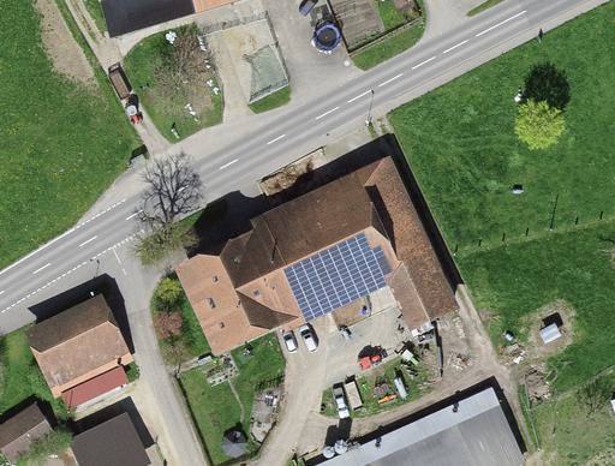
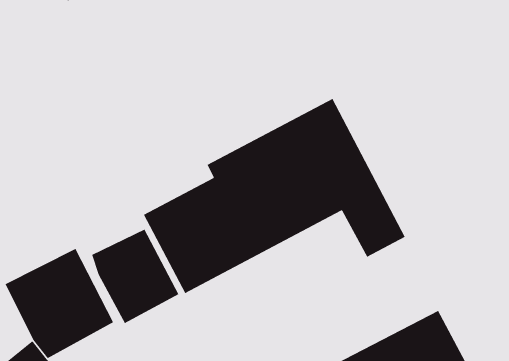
building: none -> [91,228,180,324]

